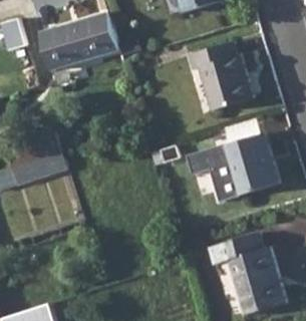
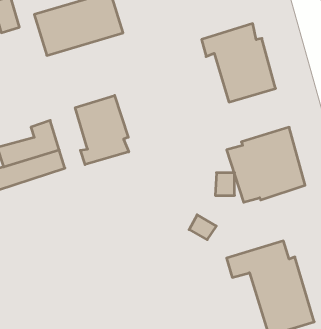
building: none -> [75,95,129,165]

